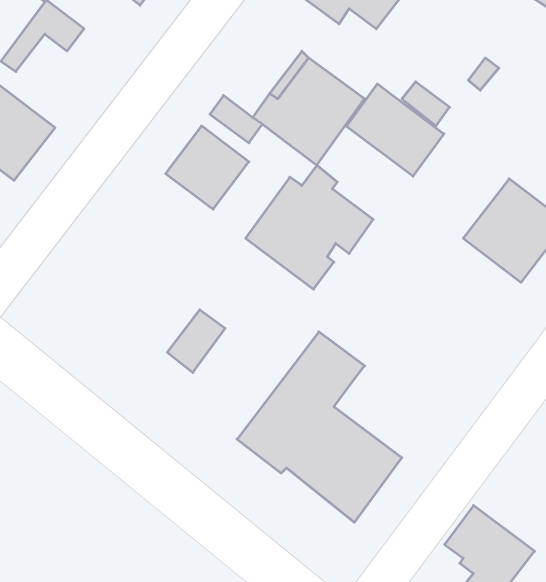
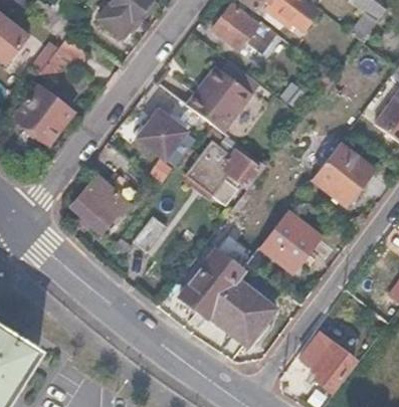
building: [347,84,444,176] -> none
building: none -> [70,176,138,235]
building: none -> [260,209,322,271]

